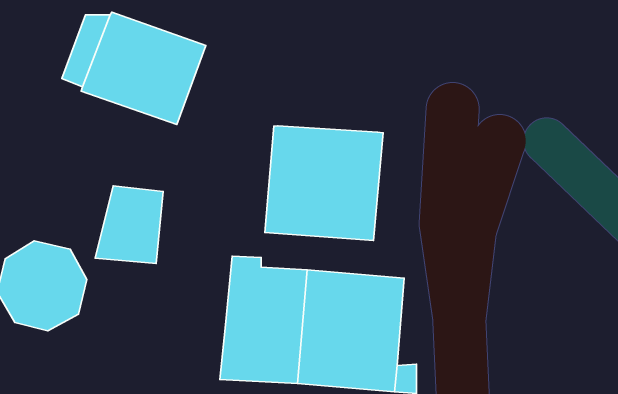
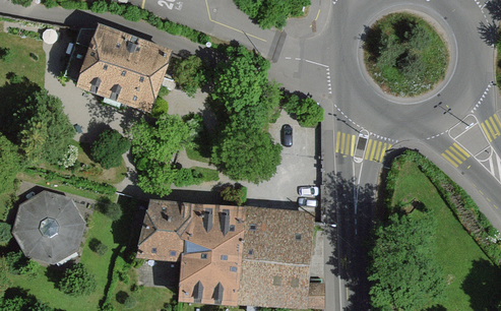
building: [265,126,383,241] -> none
building: [95,186,163,264] -> [137,201,187,258]

